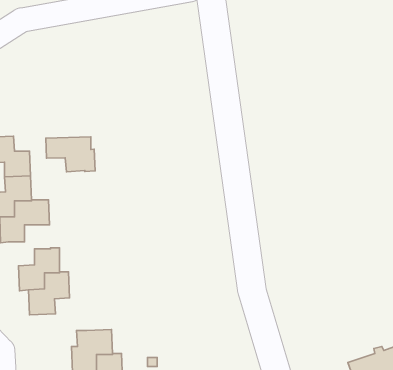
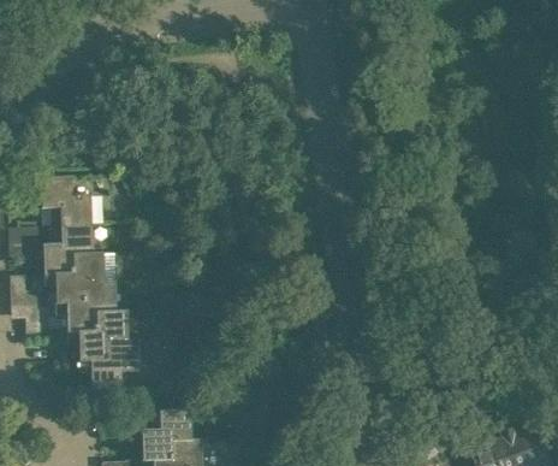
building: [46,137,95,172] -> none
building: none -> [63,283,113,334]

